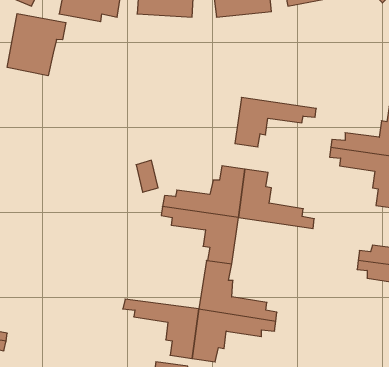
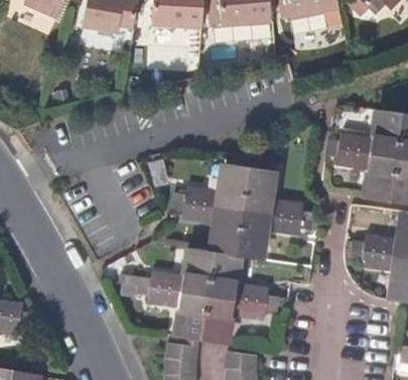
building: [7,14,66,76] -> none
building: [235,97,316,147] -> [238,211,312,256]
building: none -> [140,247,215,294]

